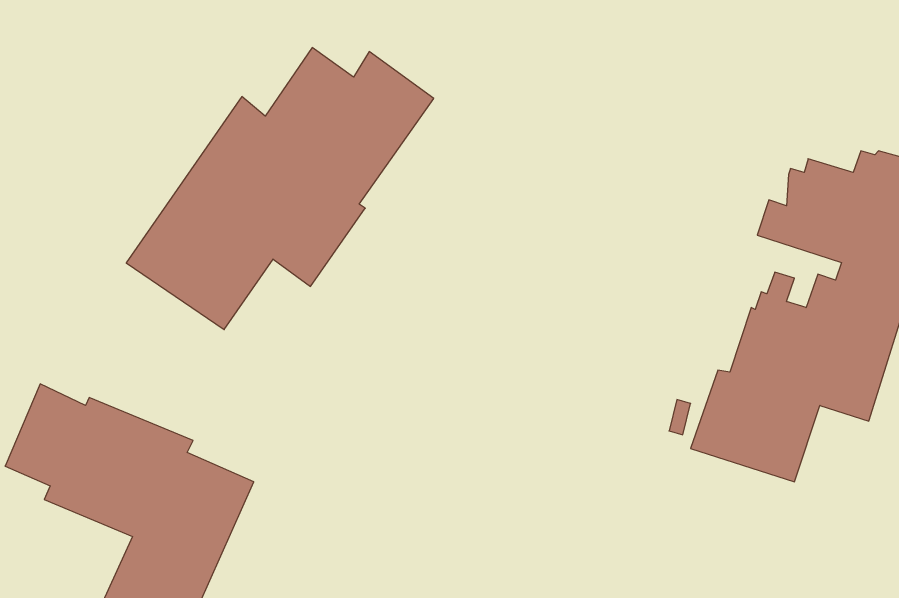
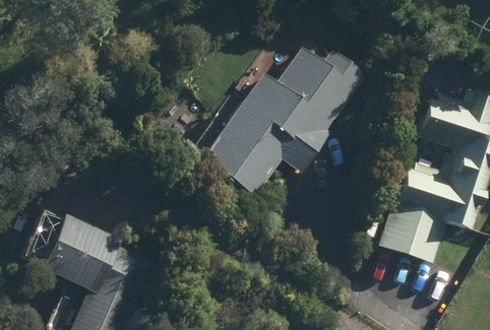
building: [126,48,434,330] -> [204,47,364,193]

